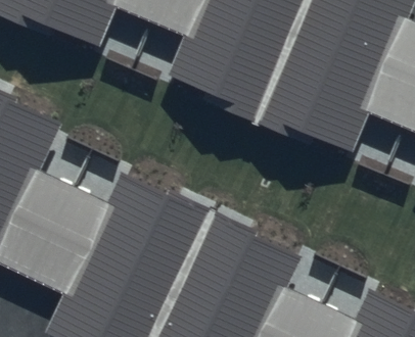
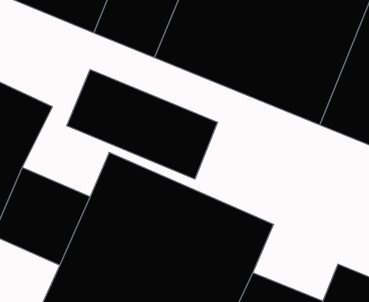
building: none -> [67,70,218,179]

